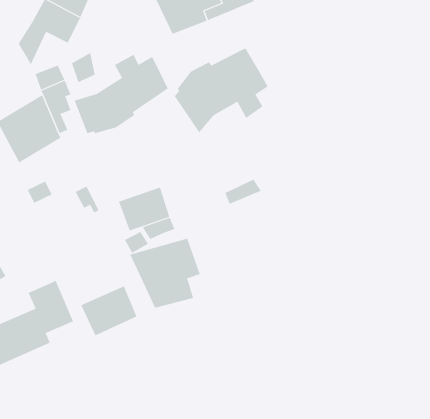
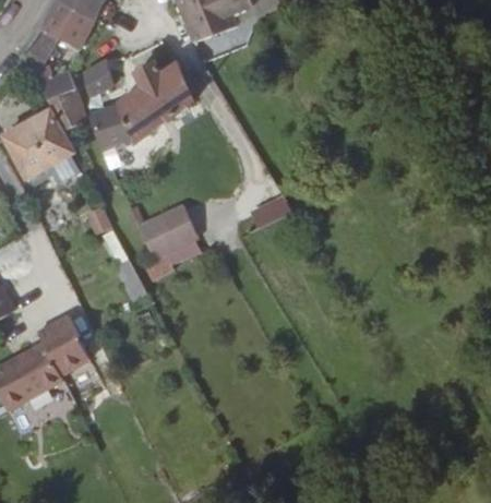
building: [174,47,269,133] -> none
building: [130,238,200,309] -> none
building: [81,286,137,336] -> none

